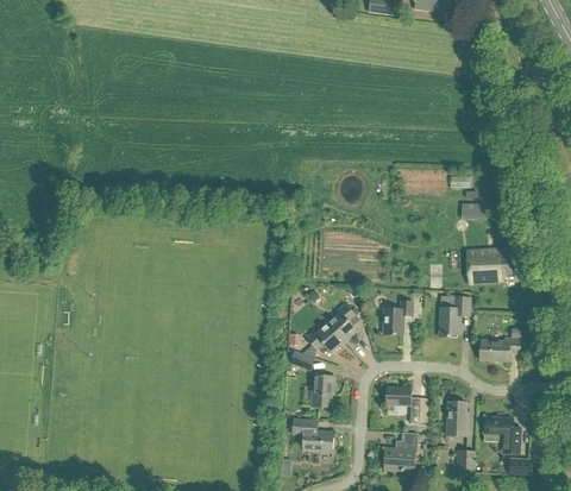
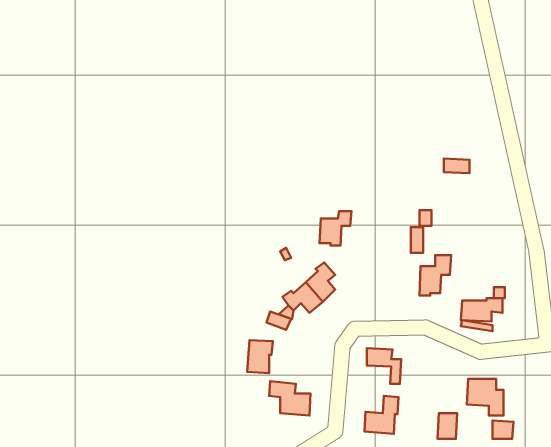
building: [466,247,514,284] -> none
building: [382,301,413,334] -> [320,211,351,246]
building: [309,374,334,407] -> [247,340,273,373]
building: [446,399,468,435] -> none

